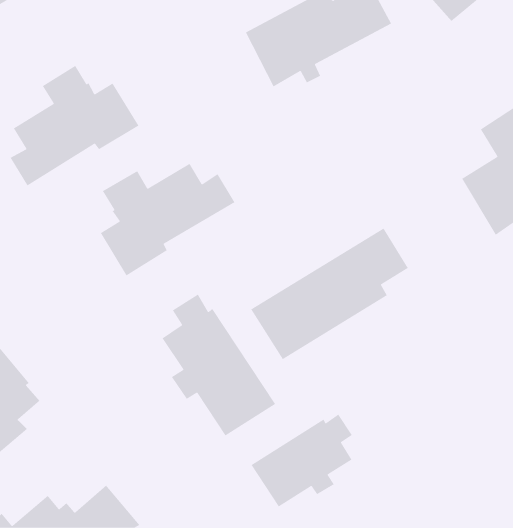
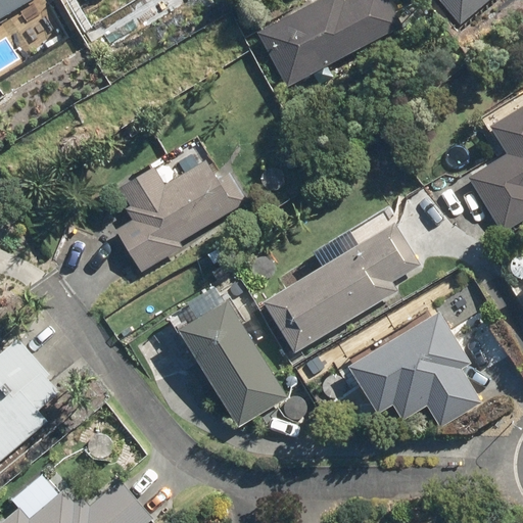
building: [10,65,140,187] -> none
building: none -> [348,313,482,426]
building: [251,413,353,508] -> none

